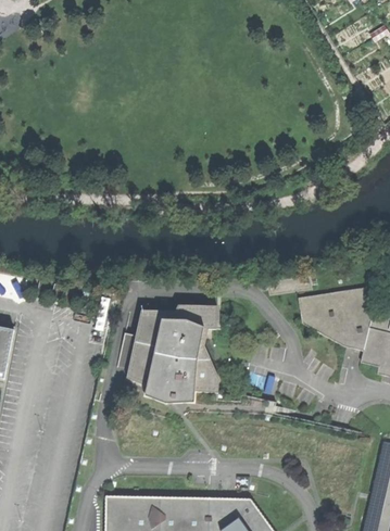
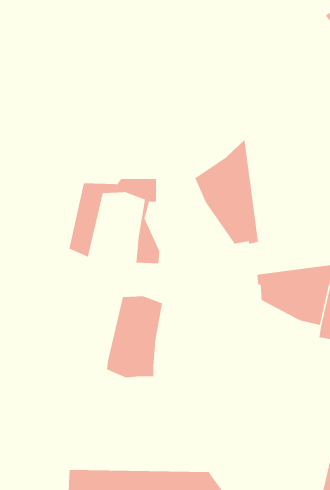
building: none -> [195,139,259,245]
building: [125,305,218,392] -> [68,179,160,264]

